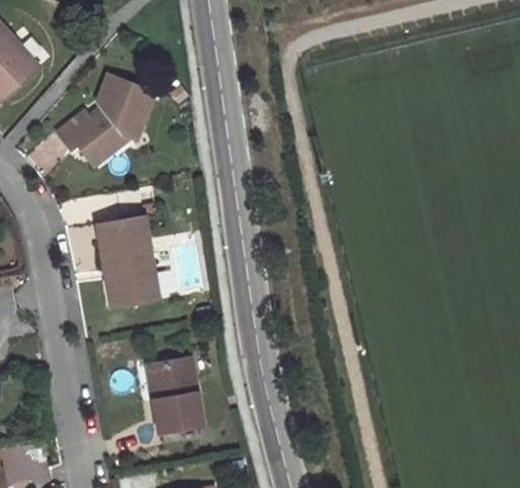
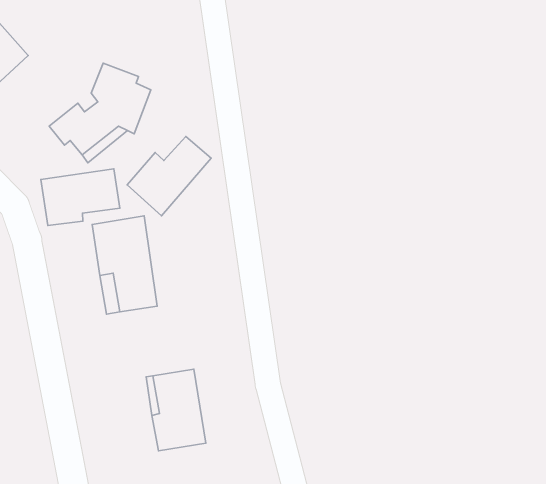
building: none -> [127,136,211,216]
building: none -> [41,169,120,225]

